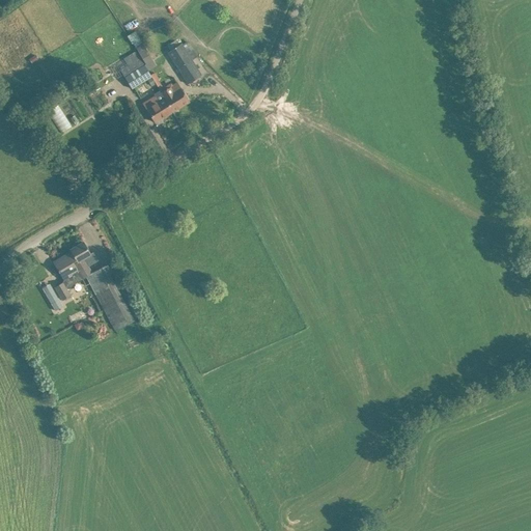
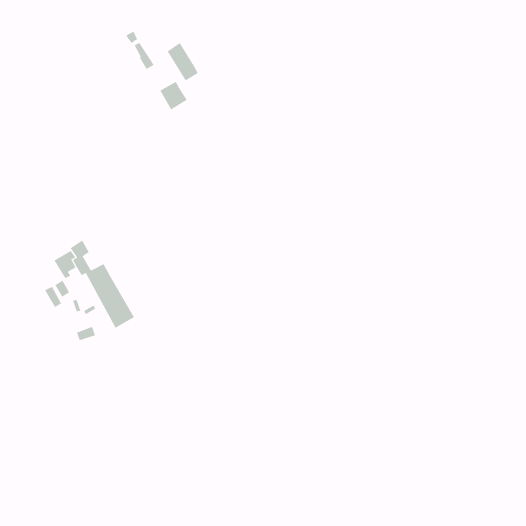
building: [120,58,151,88] -> none
building: [146,90,172,122] -> none

